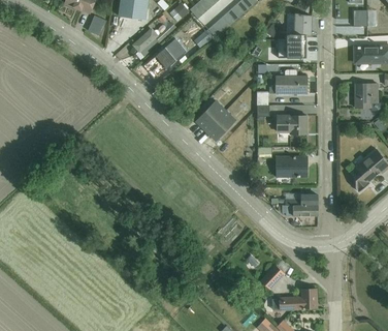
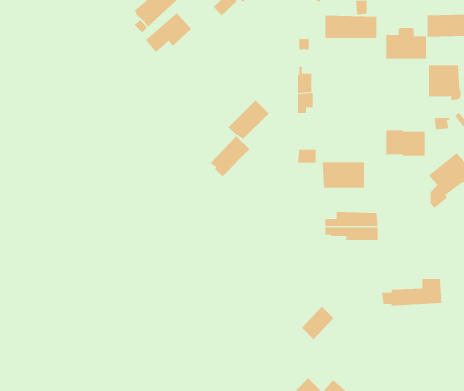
building: [276,69,306,93] -> [385,27,427,59]
building: [196,99,226,130] -> [210,135,250,177]
building: [277,114,306,133] -> [385,130,426,156]
building: [271,289,317,309] -> [381,278,442,306]

